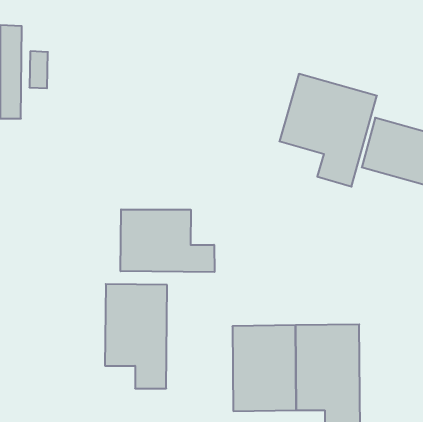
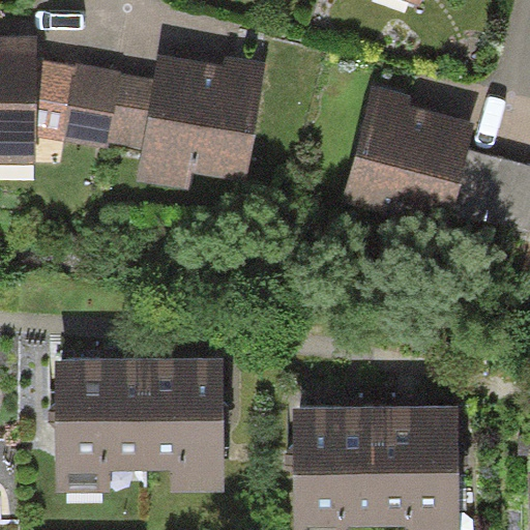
building: none -> [70,55,269,178]
building: [121,209,214,272] -> none
building: none -> [56,358,138,488]

